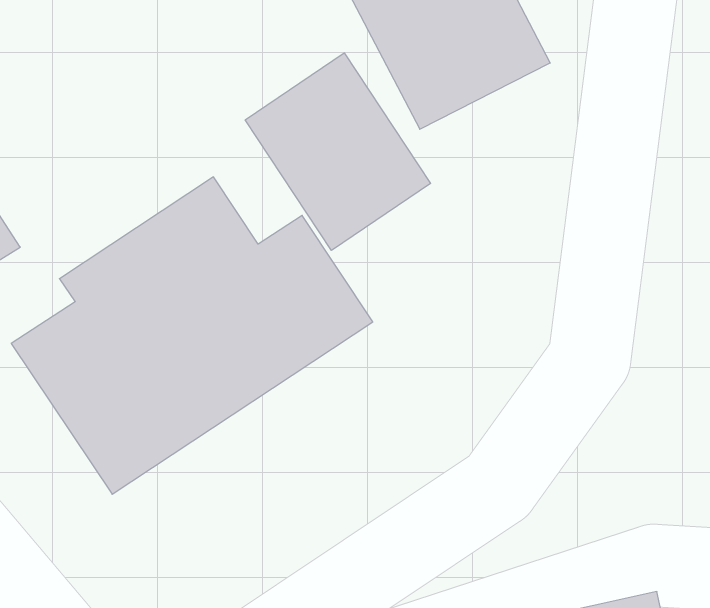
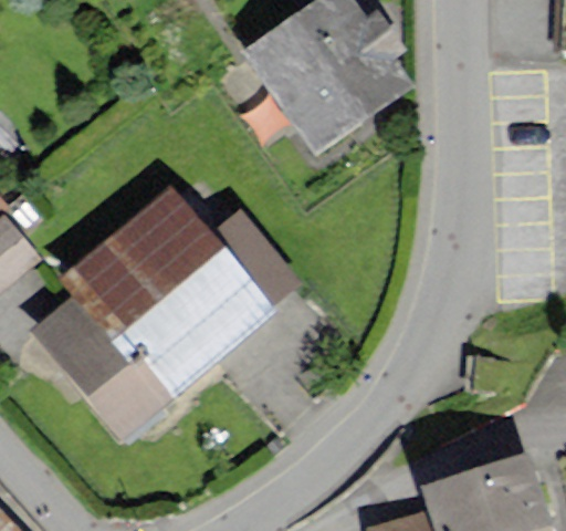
building: [245,53,431,250] -> none

